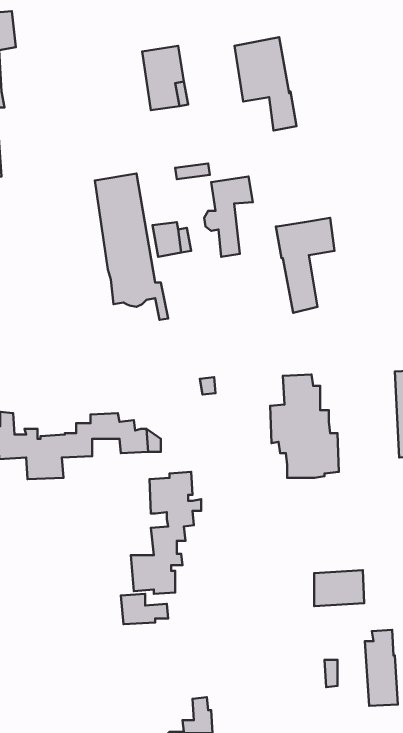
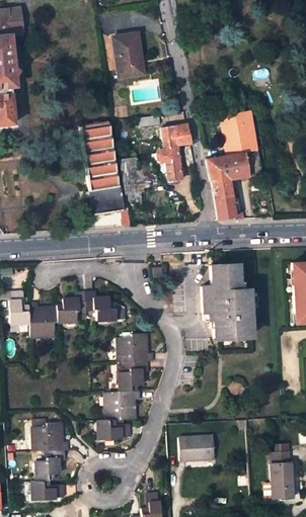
building: [235,37,296,130] -> [221,111,264,177]
building: [314,570,364,606] -> [179,435,215,460]
building: none -> [31,422,70,500]

